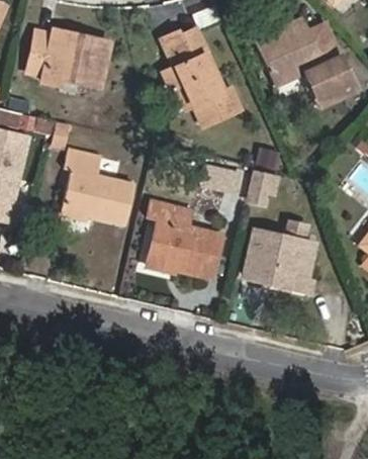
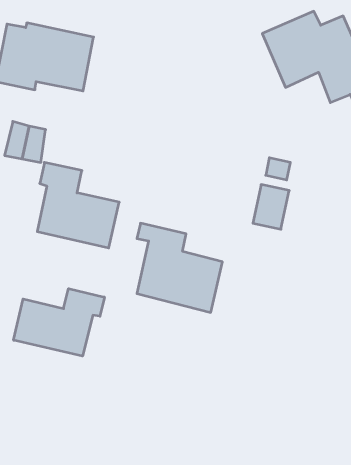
building: [161,23,241,126] -> none
building: [243,220,313,291] -> none
building: none -> [14,289,104,356]

